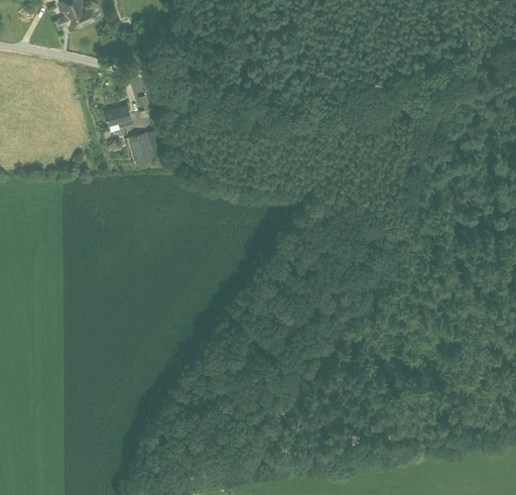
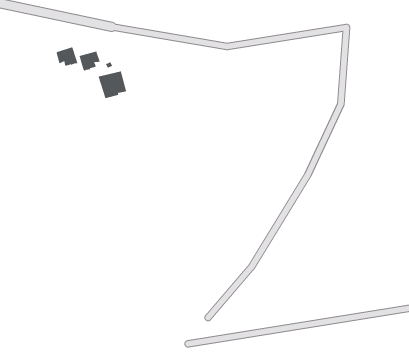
building: none -> [56,46,78,67]

